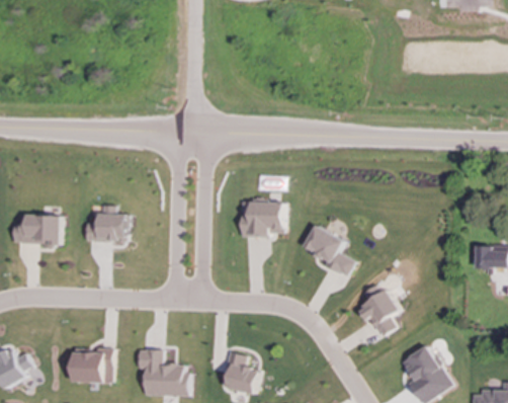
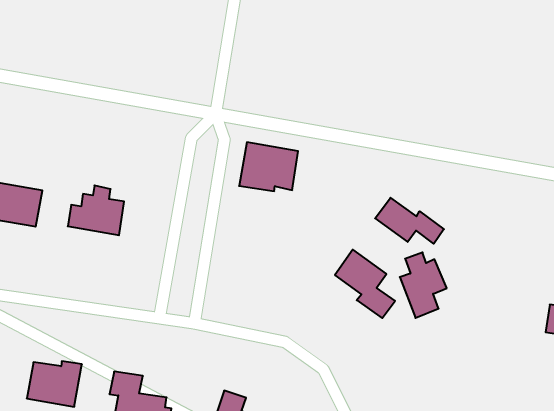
building: none -> [375,198,444,244]
building: [241,200,283,236] -> [239,142,298,191]
building: [360,285,399,337] -> [400,252,447,318]

